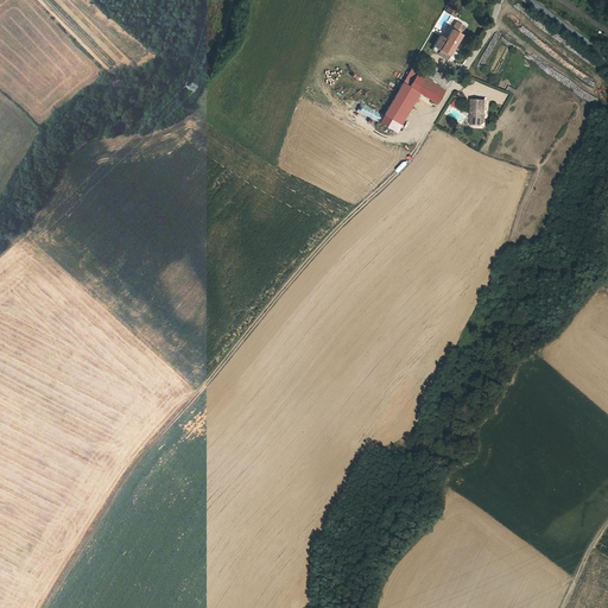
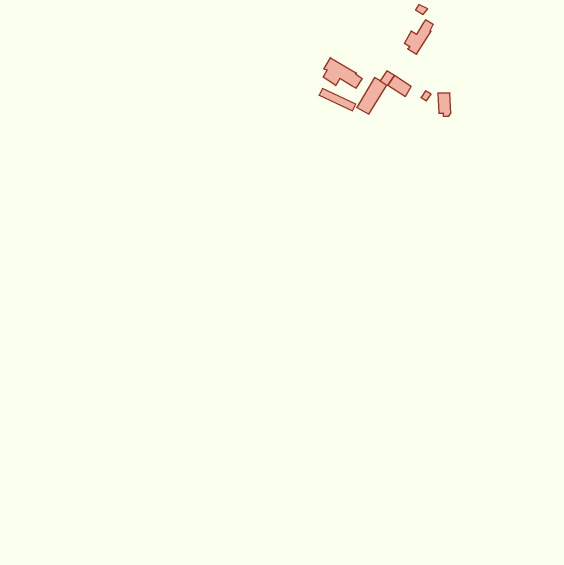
building: none -> [323,58,362,88]

